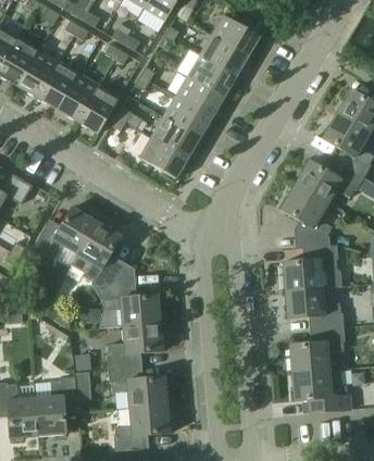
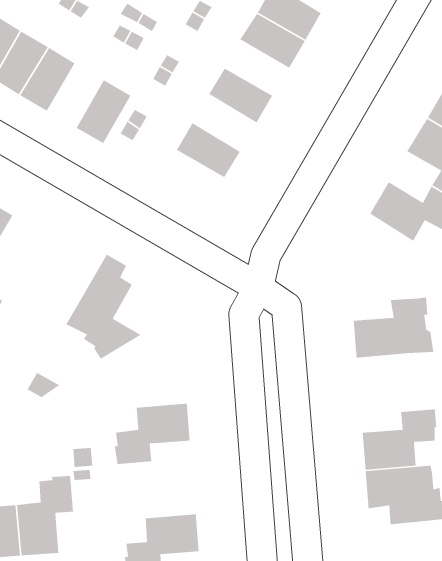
building: [188,55,236,97] -> none
building: [58,73,99,121] -> none
building: [164,96,212,138] -> none
building: [139,137,188,178] -> none
building: [280,184,333,248] -> none
building: [33,204,101,259] -> none
building: [97,273,161,327] -> none
building: [285,287,344,329] -> none
building: [109,366,167,408] -> none

